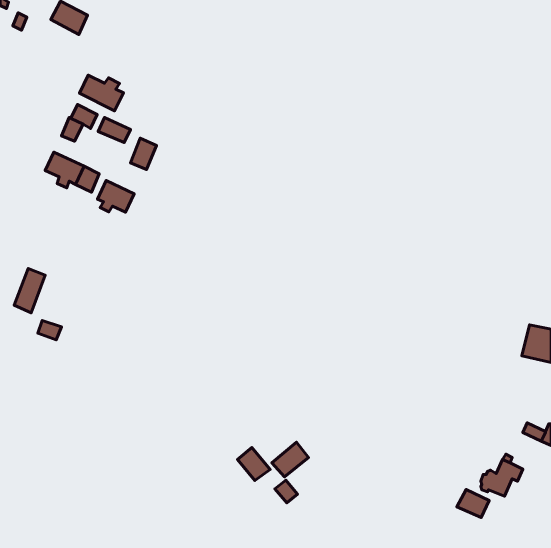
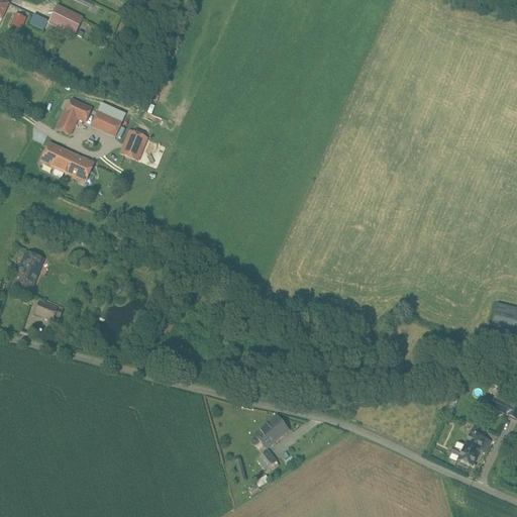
building: [79,75,124,111] -> none
building: [97,181,134,212] -> none
building: [238,448,270,480] -> none
building: [457,490,489,518] -> none

